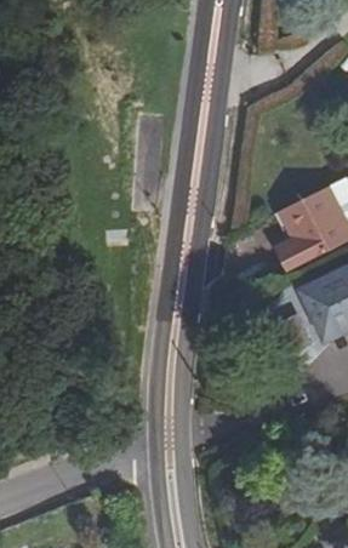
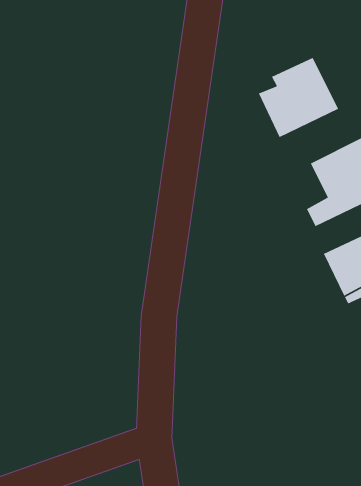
building: none -> [258,57,339,138]

